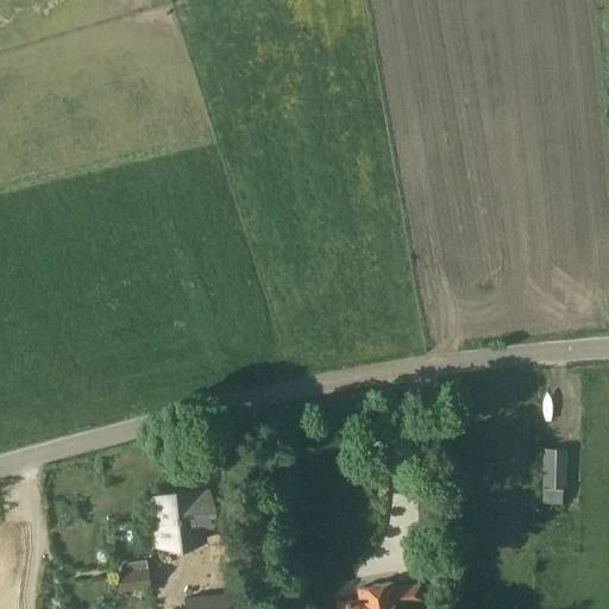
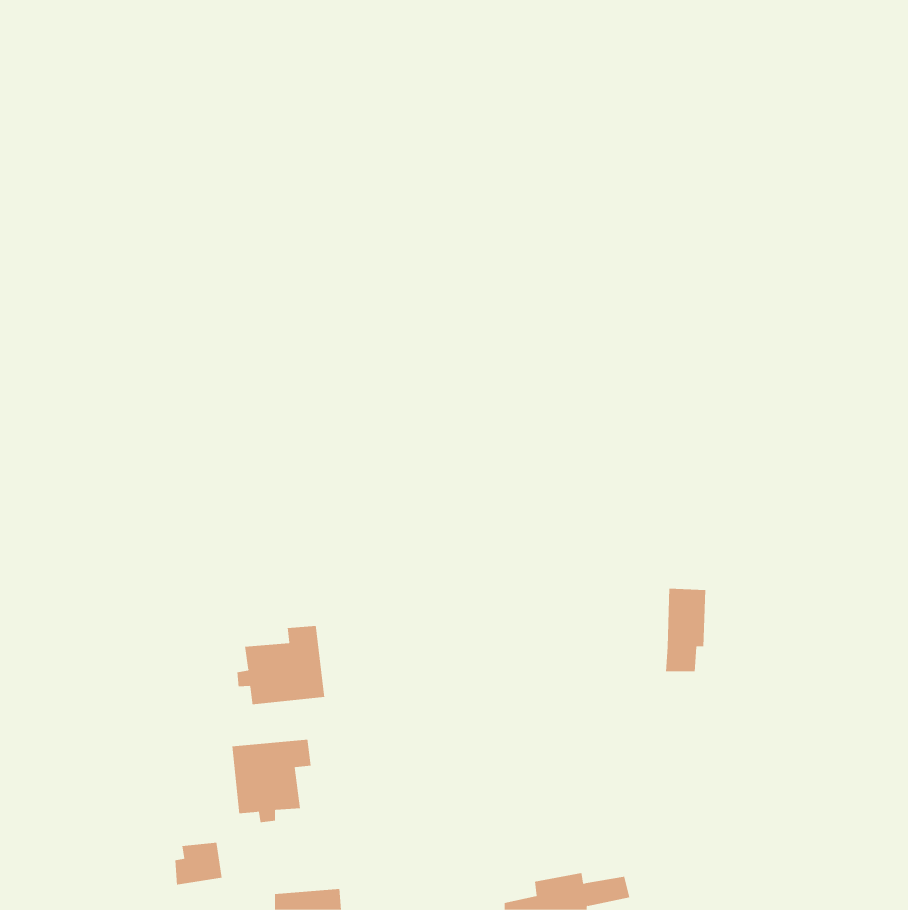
building: none -> [237,625,325,705]
building: [541,448,569,504] -> [665,588,706,672]

